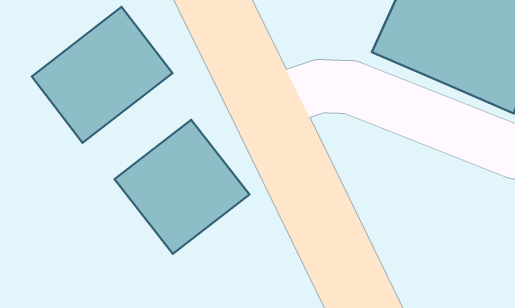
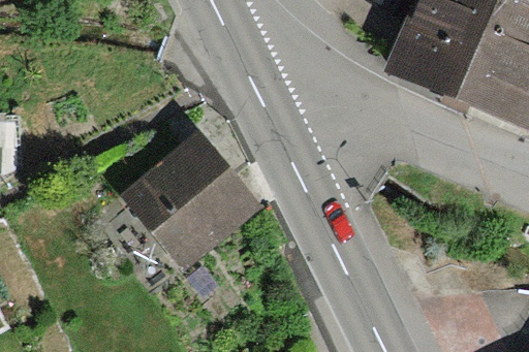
building: [32,7,172,143] -> none

